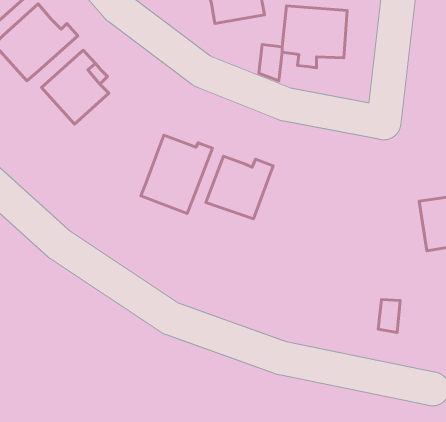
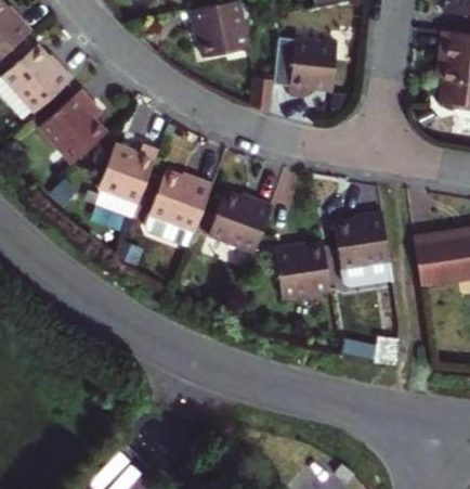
building: none -> [92,157,152,217]
building: none -> [332,211,389,288]
building: none -> [272,244,327,300]

